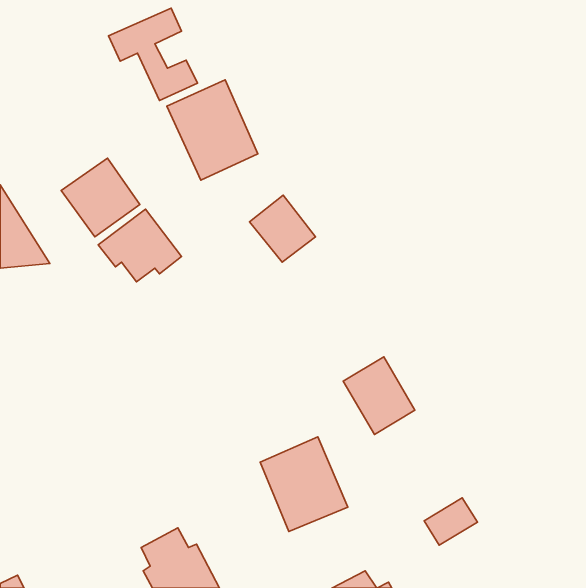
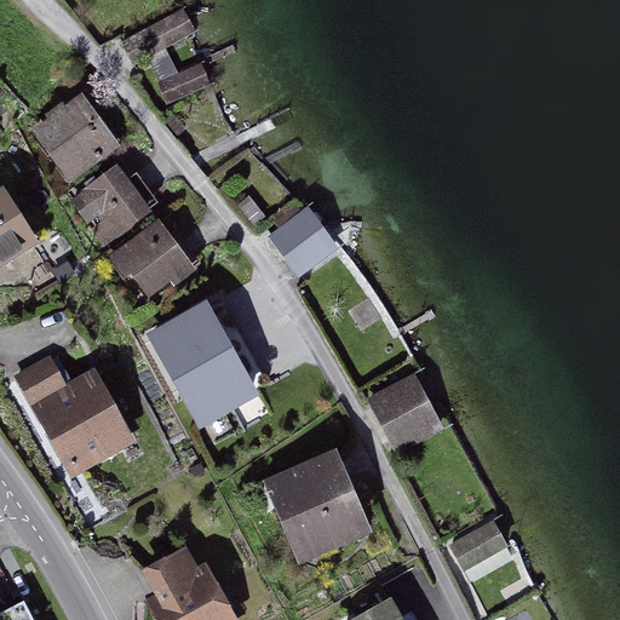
building: [167,80,258,180] -> none
building: none -> [33,98,116,179]
building: none -> [160,309,258,421]
building: none -> [11,355,131,476]

